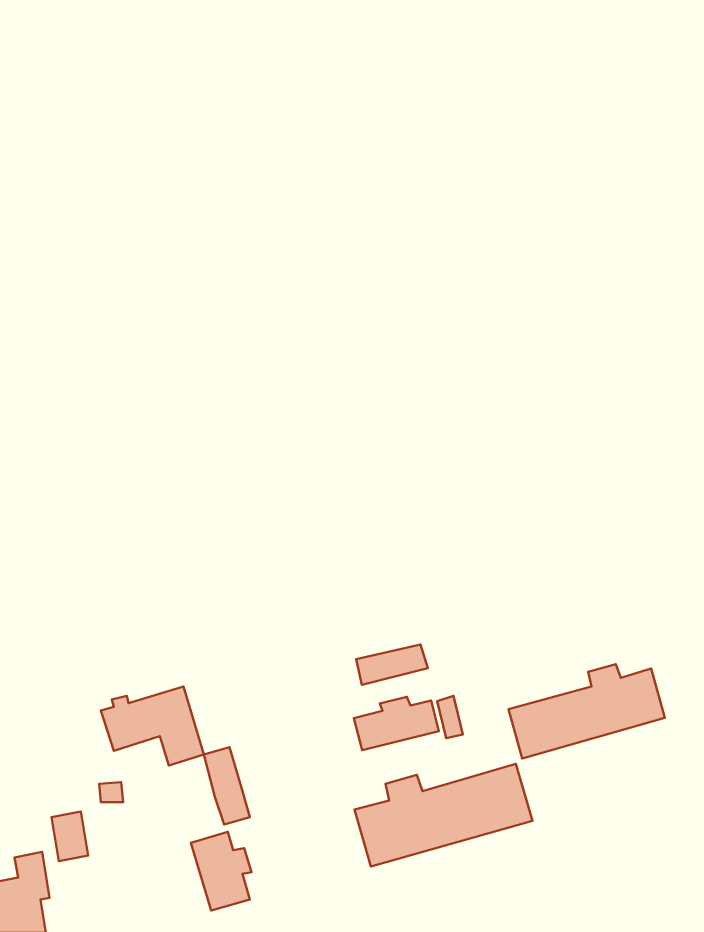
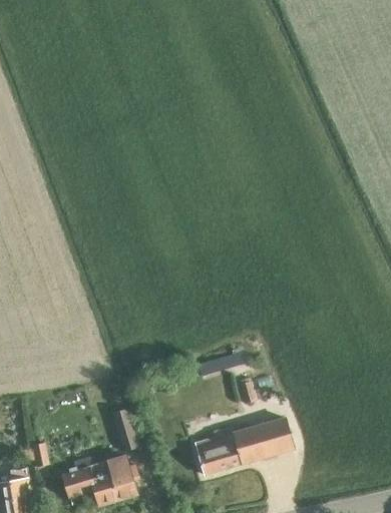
building: [508,664,665,758] -> none
building: [101,687,204,766] -> [61,461,117,504]
building: [354,697,439,750] -> none

